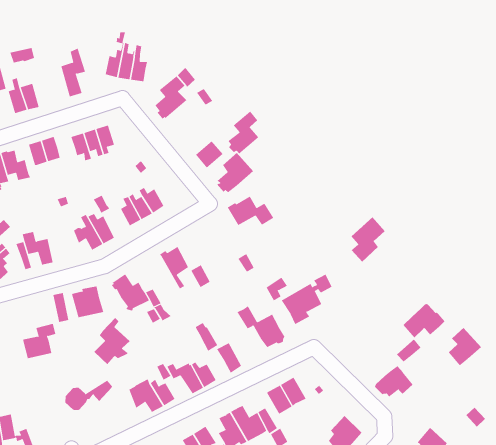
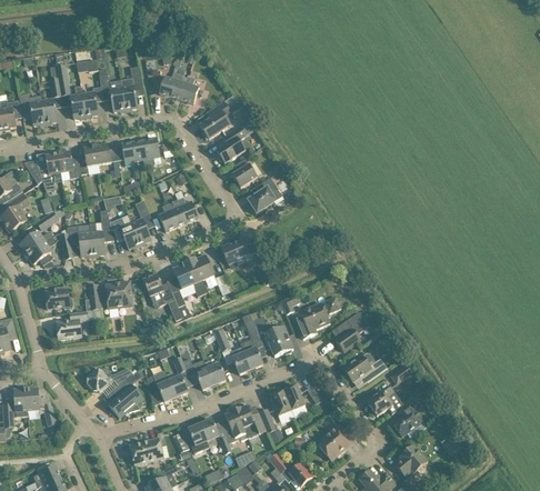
building: none -> [98,69,124,111]
building: [227,111,259,155] -> [216,126,246,163]
building: [227,196,274,226] -> [220,239,261,267]
building: none -> [89,209,113,255]
building: [350,217,386,262] -> [334,312,368,352]
building: none -> [172,261,202,295]
building: none -> [44,287,72,309]
building: [403,304,445,339] -> [343,352,382,382]
building: none -> [240,314,262,369]
building: [93,317,130,365] -> [108,374,142,417]
building: [448,327,482,366] -> [392,401,423,435]

